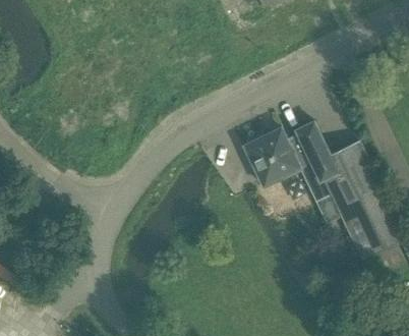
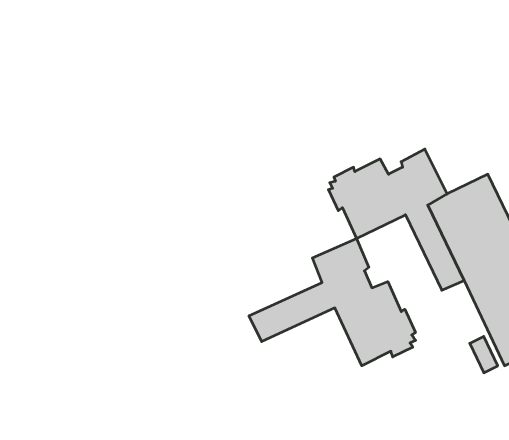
building: none -> [249,239,416,366]

